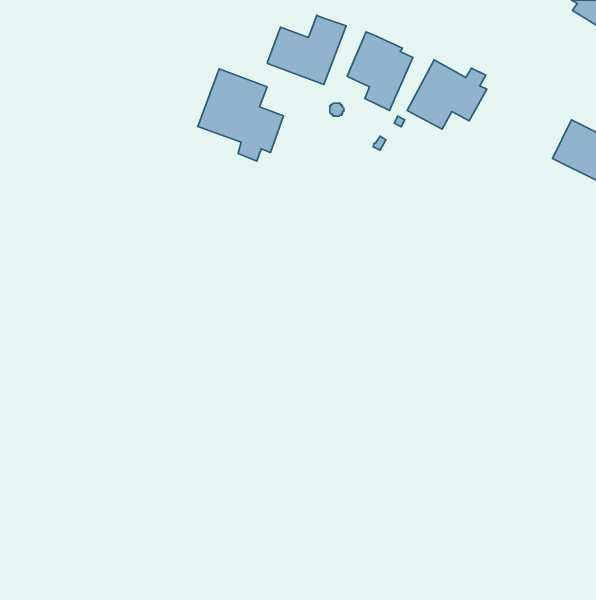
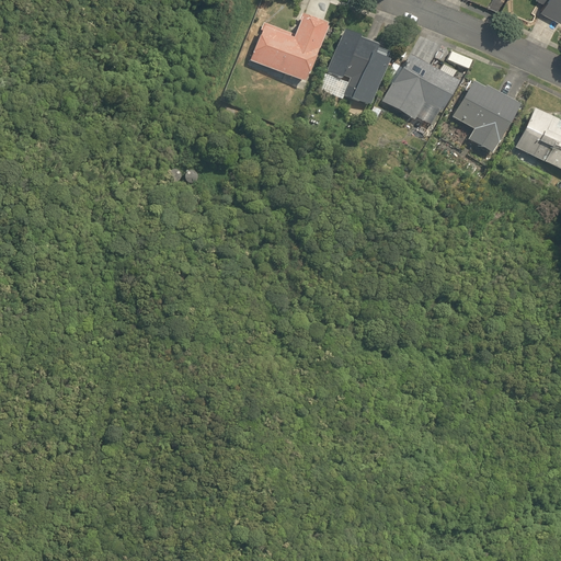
building: [198,69,283,161] -> none
building: none -> [453,82,520,153]

